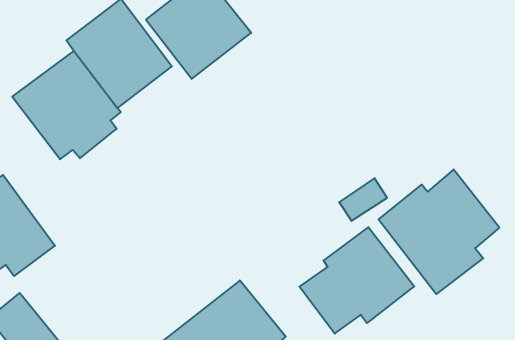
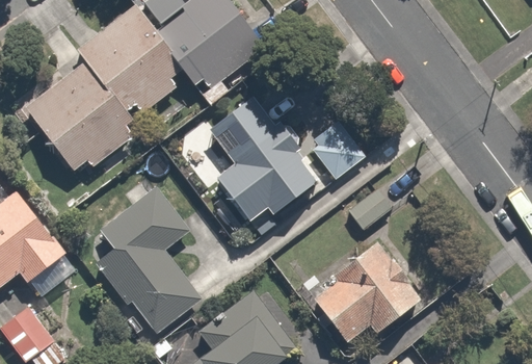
building: none -> [208,99,320,227]
building: none -> [310,126,369,184]
building: [379,169,499,294] -> none
building: none -> [82,192,204,339]

